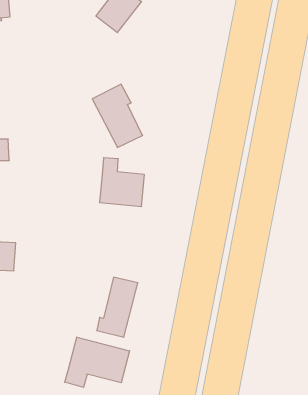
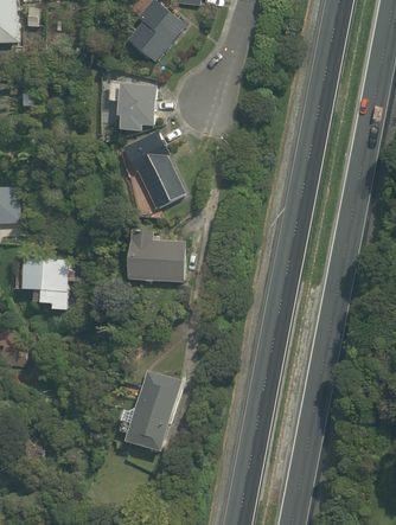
building: none -> [119,84,157,129]
building: none -> [23,256,68,309]
building: [65,337,130,387] -> none

